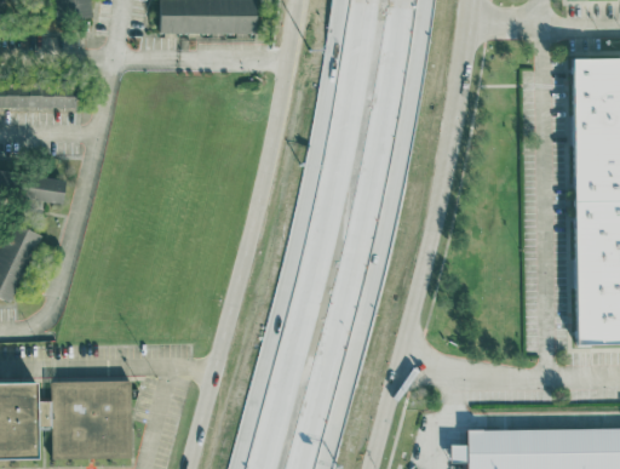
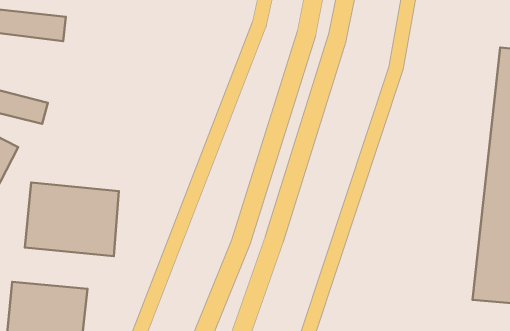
building: none -> [25,183,119,256]

